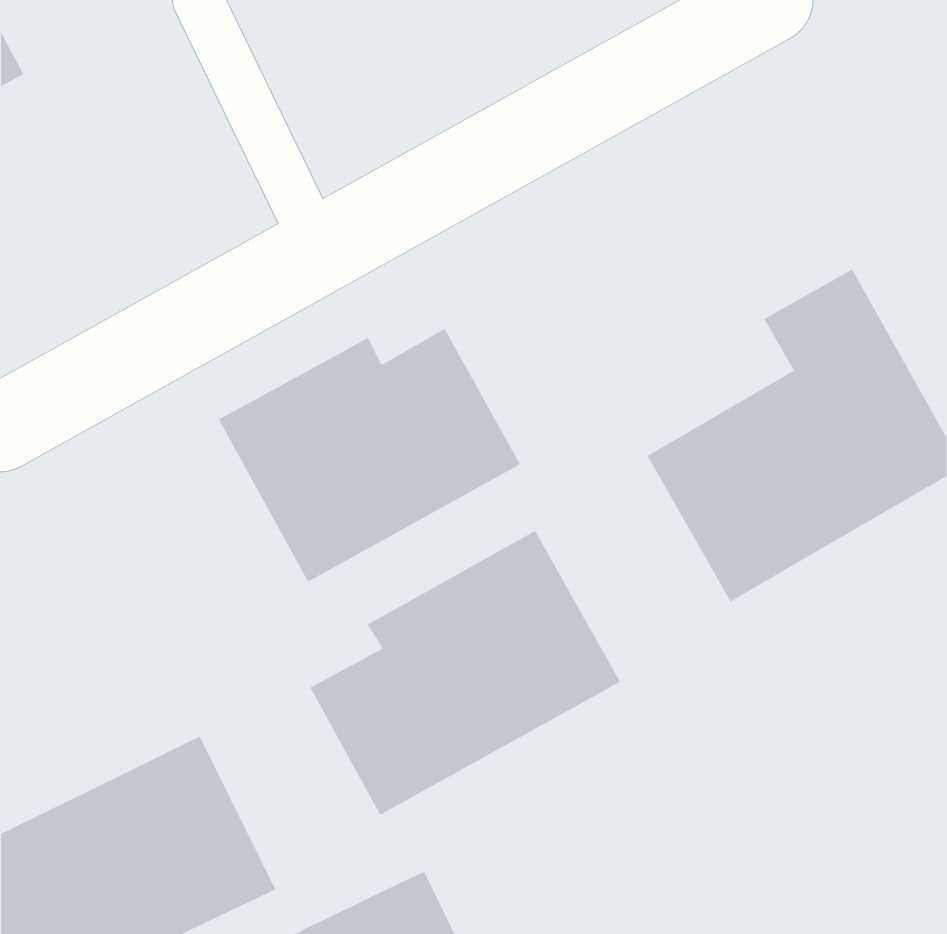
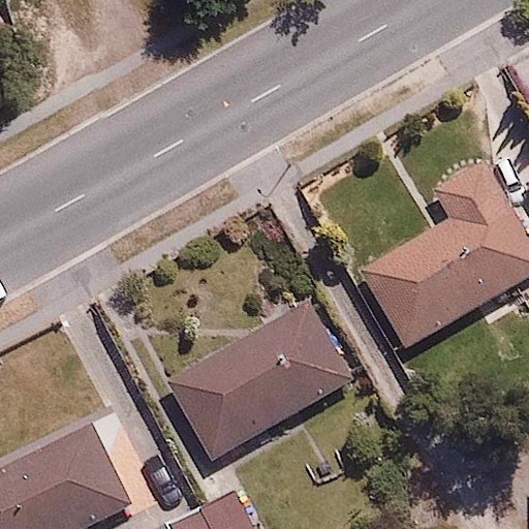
building: [218,328,521,582] -> none

